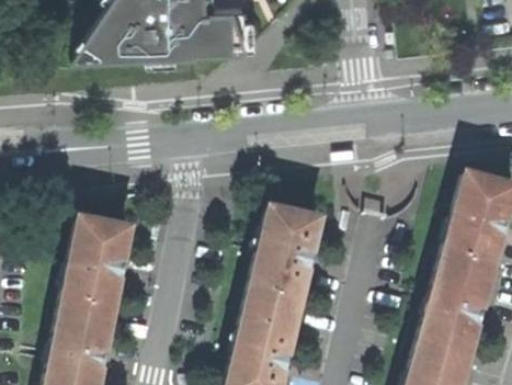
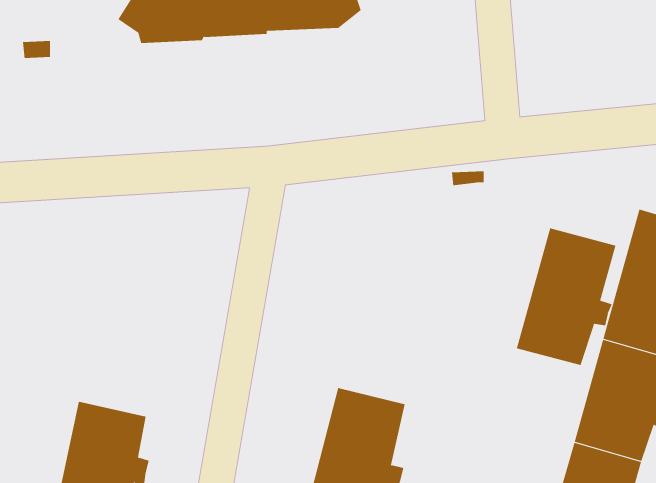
building: none -> [516,227,616,366]
building: [248,210,320,316] -> none
building: [60,219,130,325] -> none

